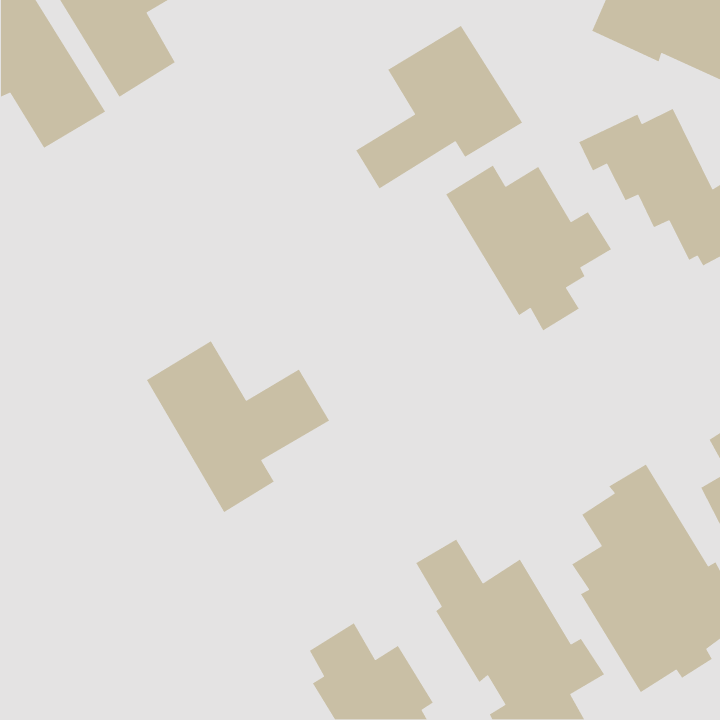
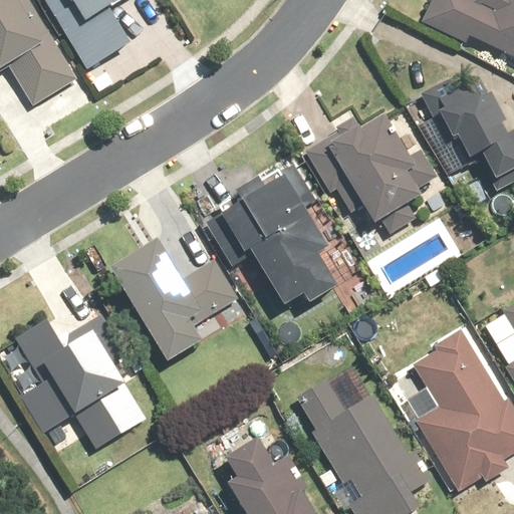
building: [355,25,523,189] -> none
building: none -> [210,163,332,305]
building: none -> [17,309,146,451]

